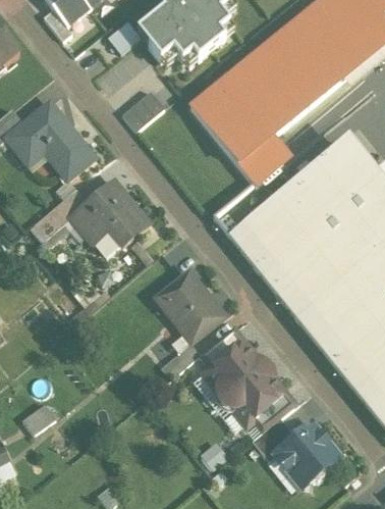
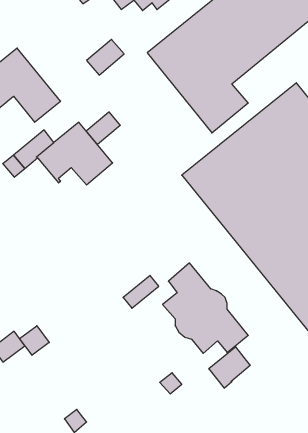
building: none -> [86,112,120,144]
building: [157,268,226,341] -> none
building: none -> [20,326,49,355]
building: [276,425,338,478] -> none

